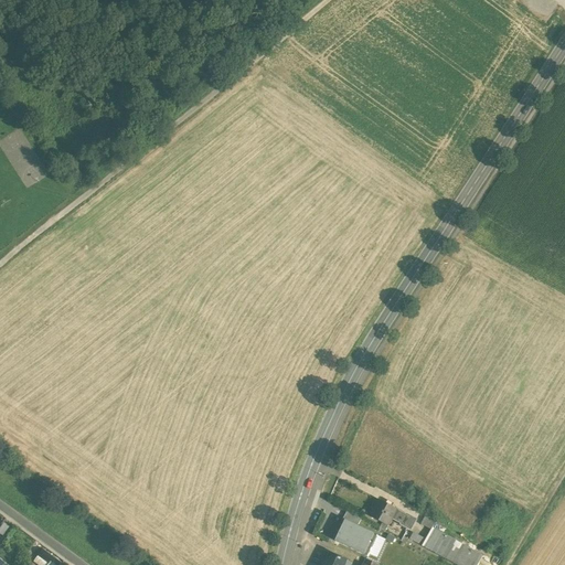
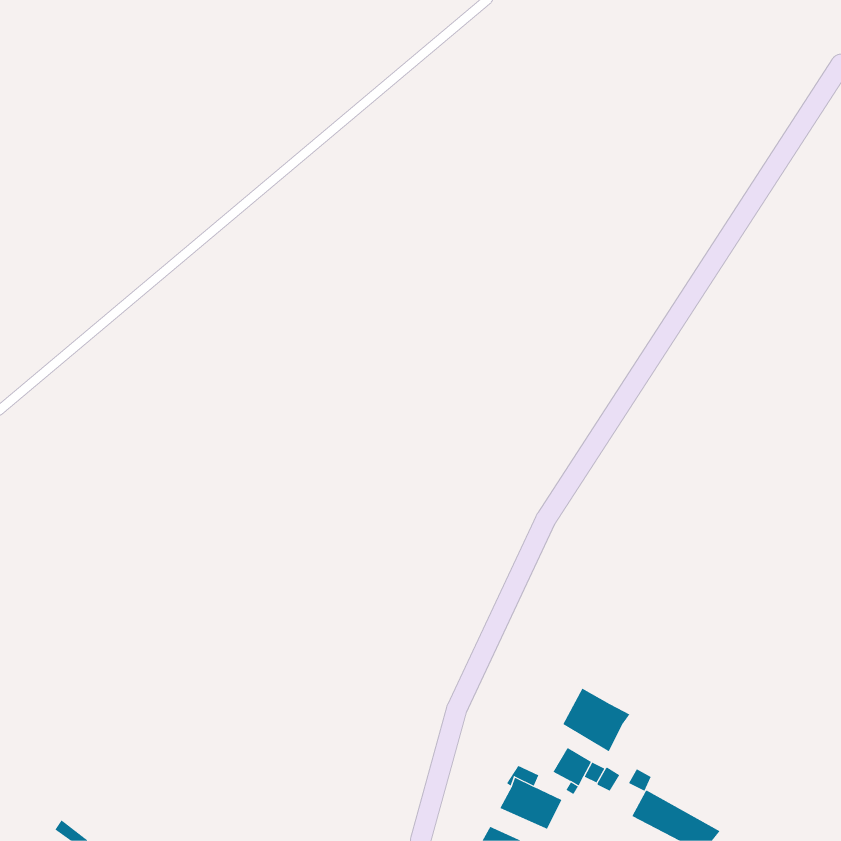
building: none -> [562,688,630,752]

